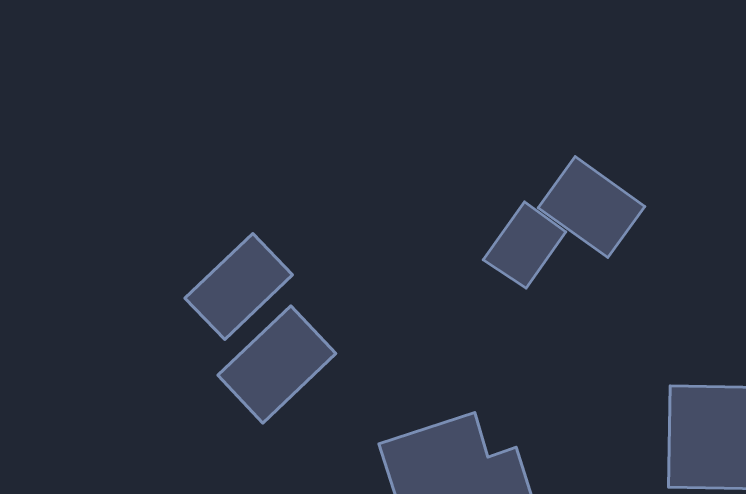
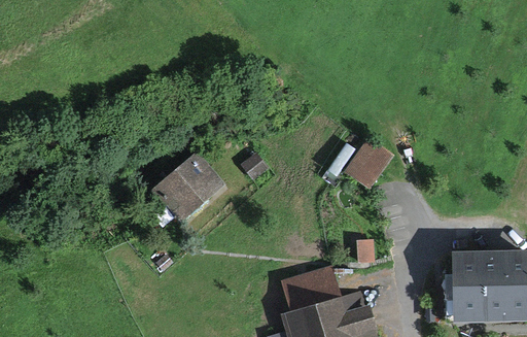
building: [538,157,645,258] -> none
building: [218,306,336,423] -> none

